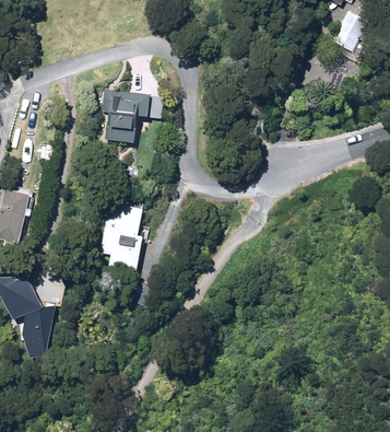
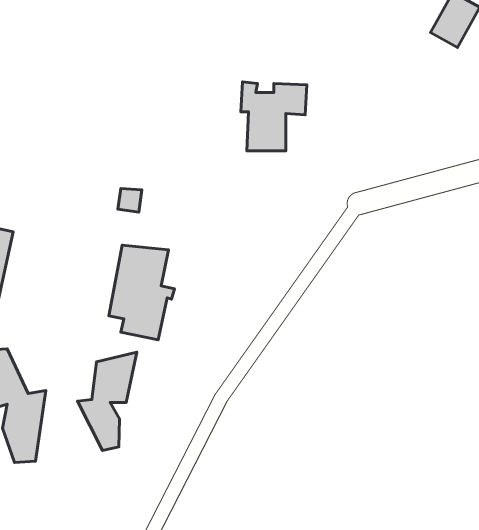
building: [102,87,150,138] -> [241,82,307,151]
building: none -> [77,352,137,450]

